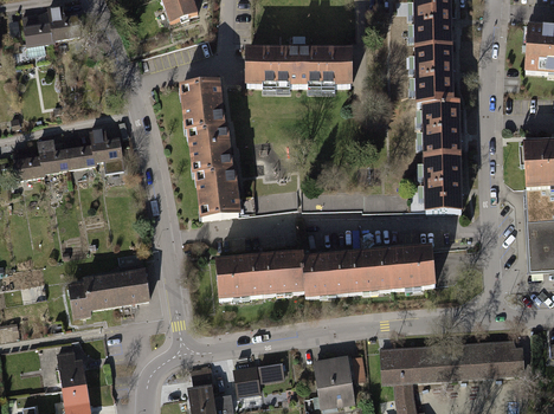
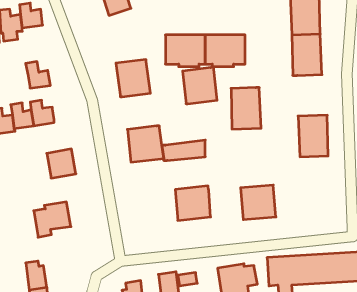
building: [420,102,460,157] -> [231,88,261,129]
building: [186,125,232,175] -> [183,67,217,104]
building: [89,127,122,162] -> [26,62,50,88]
building: [388,246,434,292] -> none
building: [302,253,348,299] -> none
building: [213,255,260,300] -> none
building: [111,266,150,305] -> [47,149,76,178]

